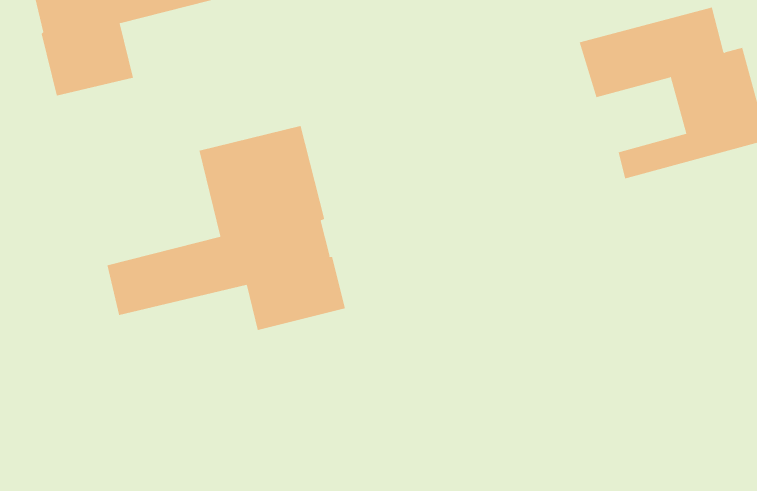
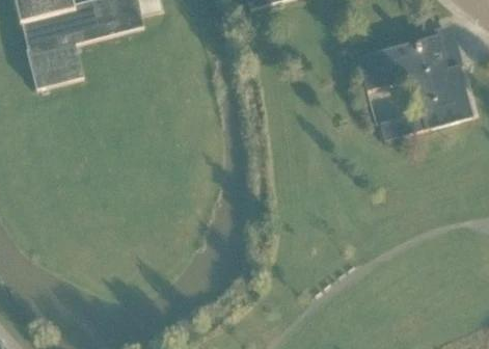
building: [107,125,346,331] -> none

